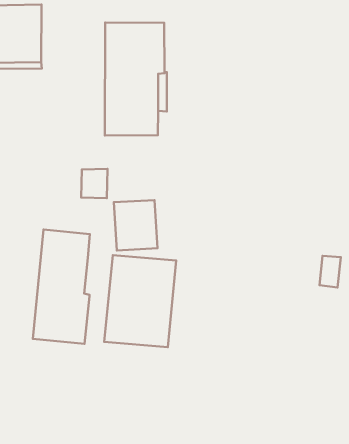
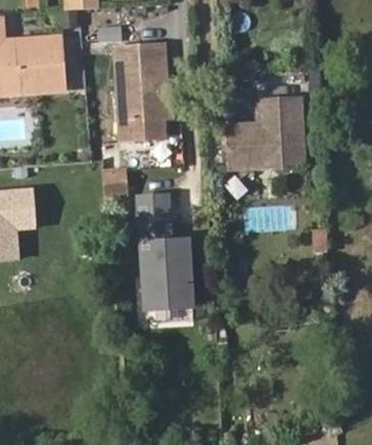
building: none -> [226,96,306,169]
building: [33,229,90,344] -> none

